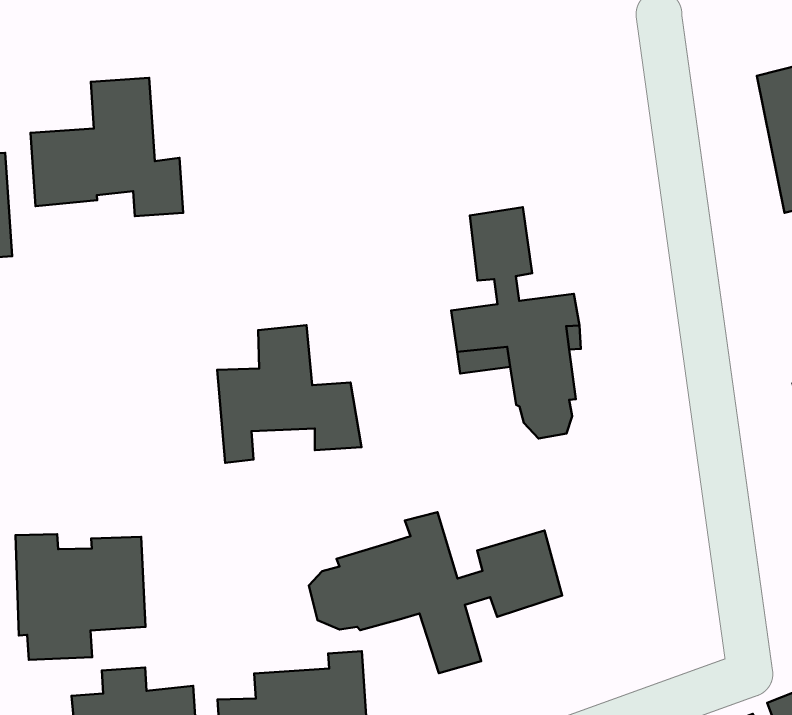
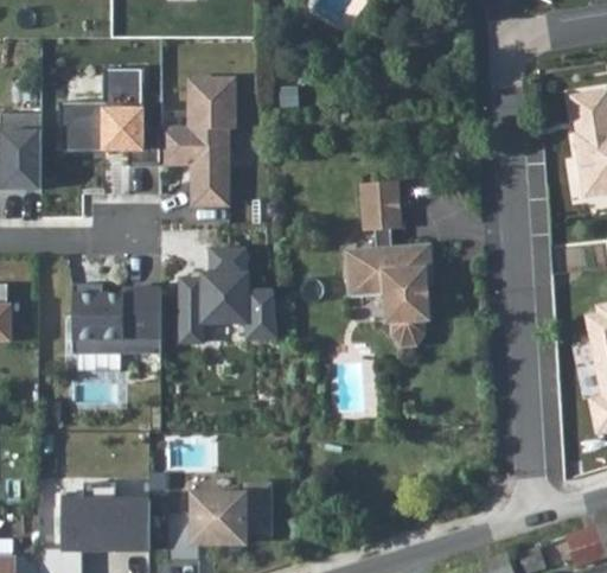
building: none -> [161,79,236,210]
building: [309,512,562,673] -> none
building: [15,534,146,660] -> [68,282,159,373]

